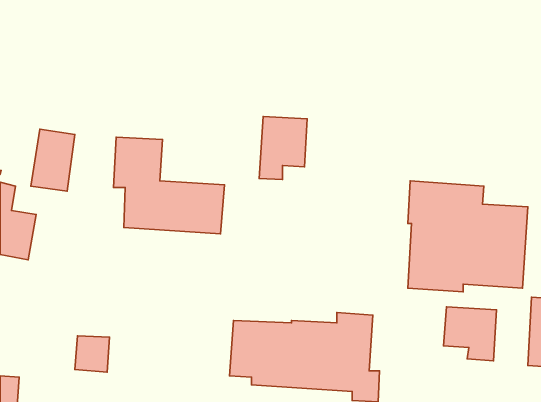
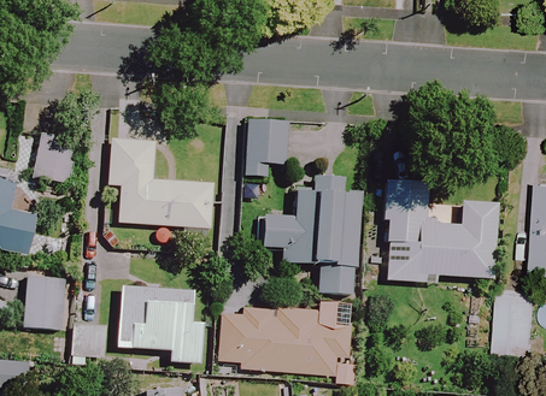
building: none -> [259,178,360,295]
building: none -> [24,277,57,329]
building: none -> [116,286,200,364]
building: [444,307,497,361] -> none

